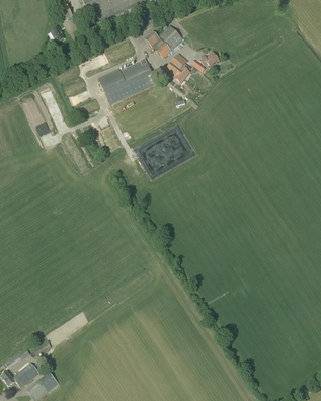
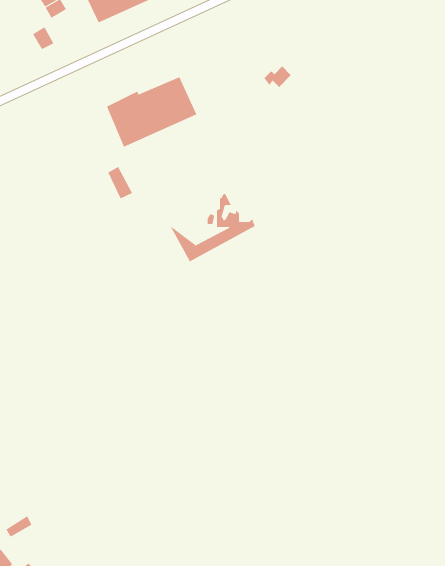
building: [144,23,183,57] -> none
building: [165,52,190,82] -> none

